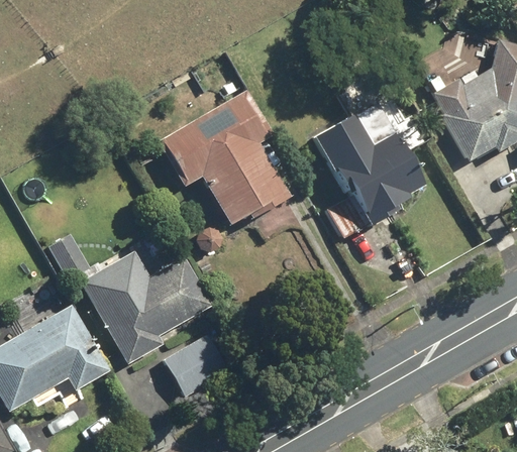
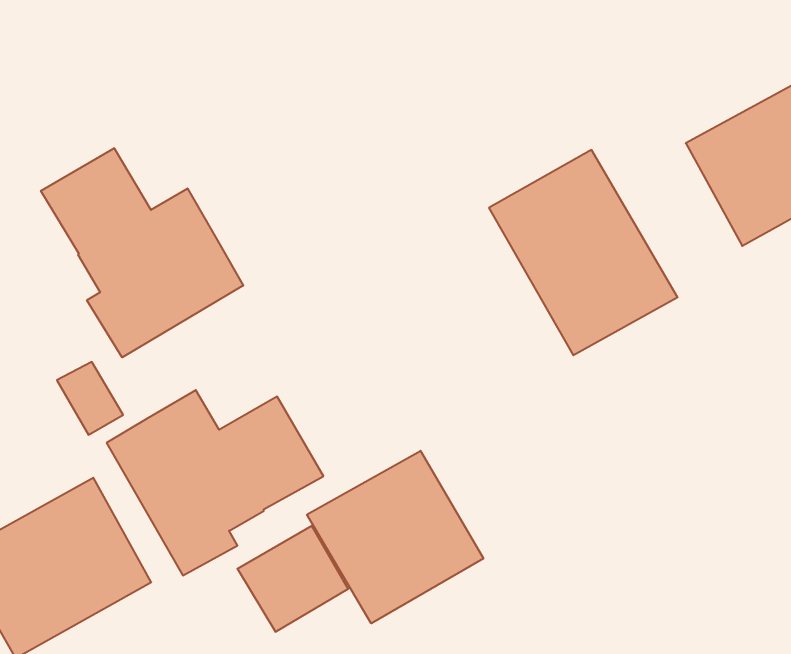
building: [157,91,288,227] -> none
building: none -> [41,148,243,357]
building: none -> [307,451,483,623]

